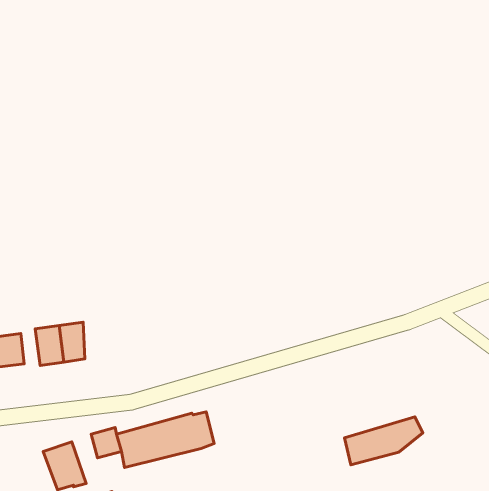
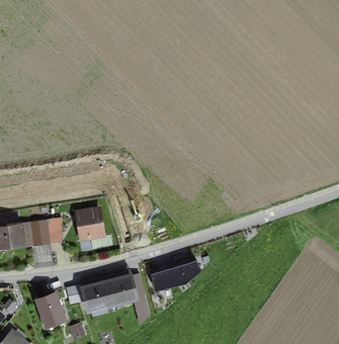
building: none -> [77,209,102,237]
building: [345,417,423,465] -> [151,260,200,290]

